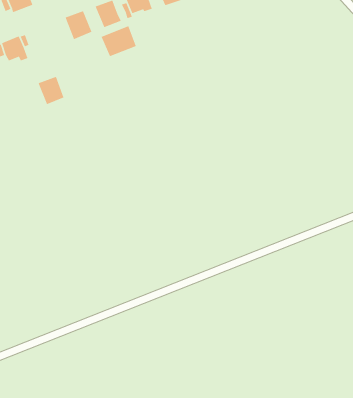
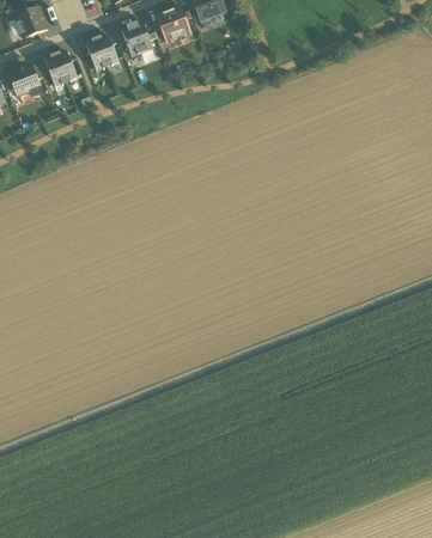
building: [101,25,137,57] -> none
building: [38,76,65,105] -> [44,49,77,84]

